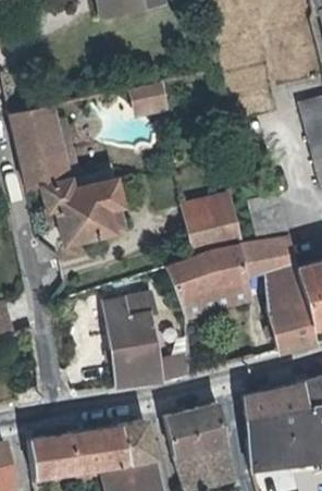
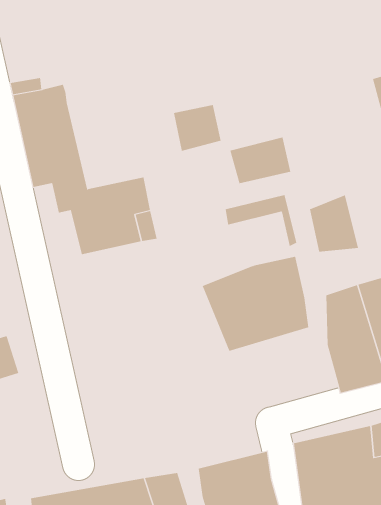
building: [129,82,169,120] -> [173,105,221,152]
building: [185,208,235,246] -> [229,137,291,184]
building: [242,240,296,280] -> none
building: [106,297,163,389] -> none

